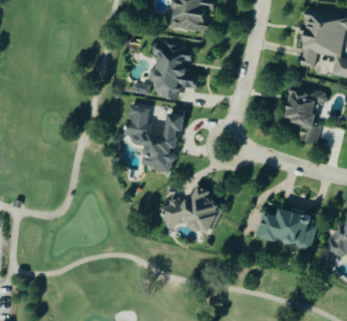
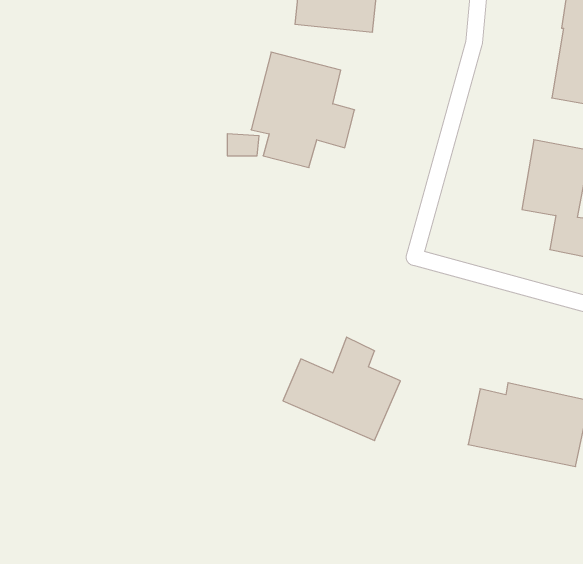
building: [126,102,185,172] -> none

